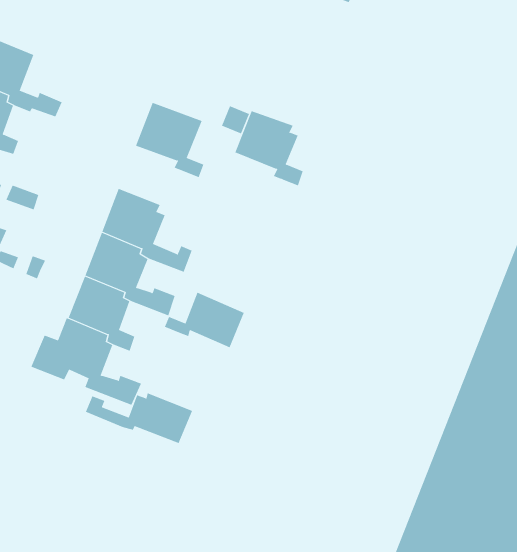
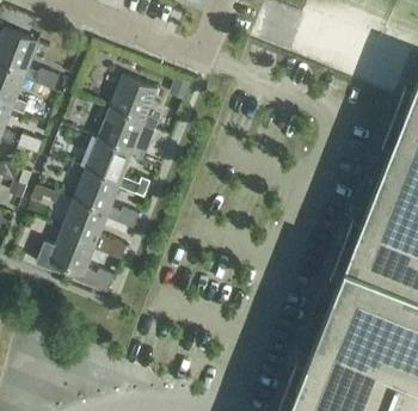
building: [234,110,303,186] -> [97,110,146,164]
building: [164,292,245,348] -> none
building: [85,392,193,444] -> none

